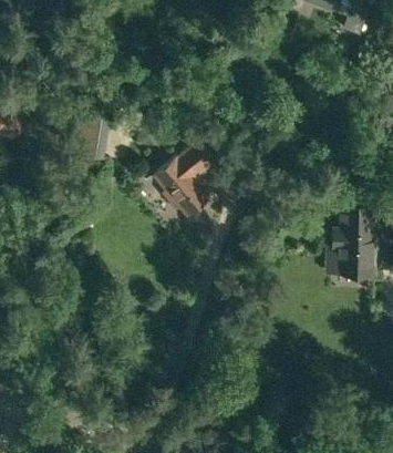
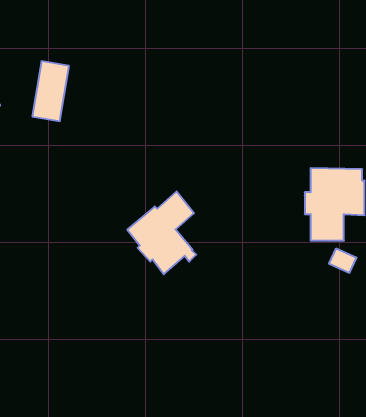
building: [152,142,218,222] -> [127,191,196,274]

